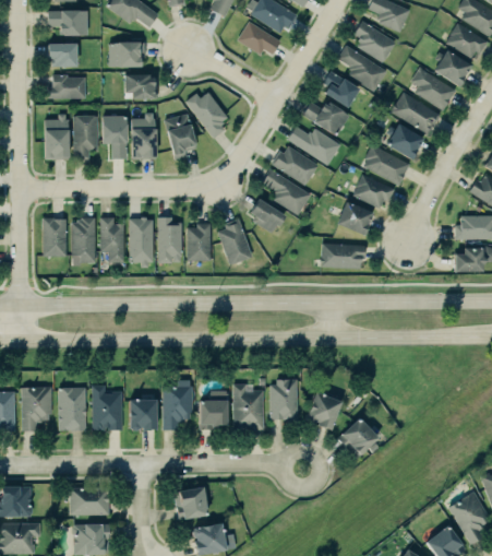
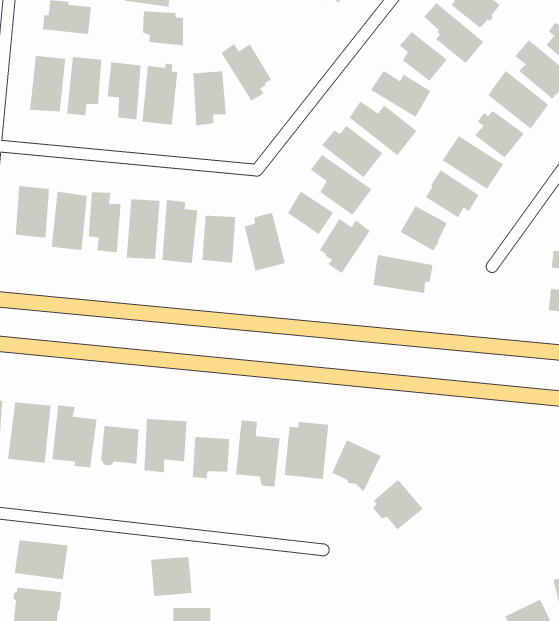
building: none -> [319,218,371,274]

